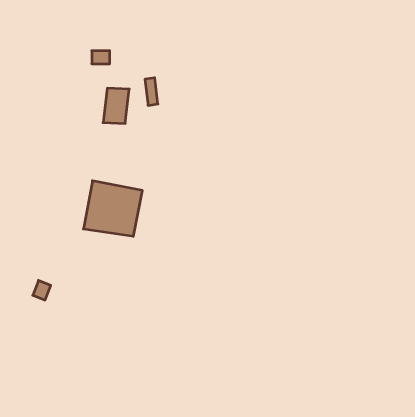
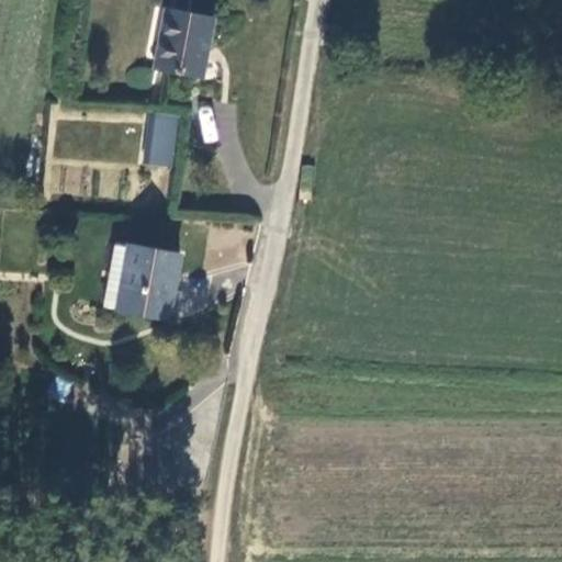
building: none -> [154,7,212,77]

